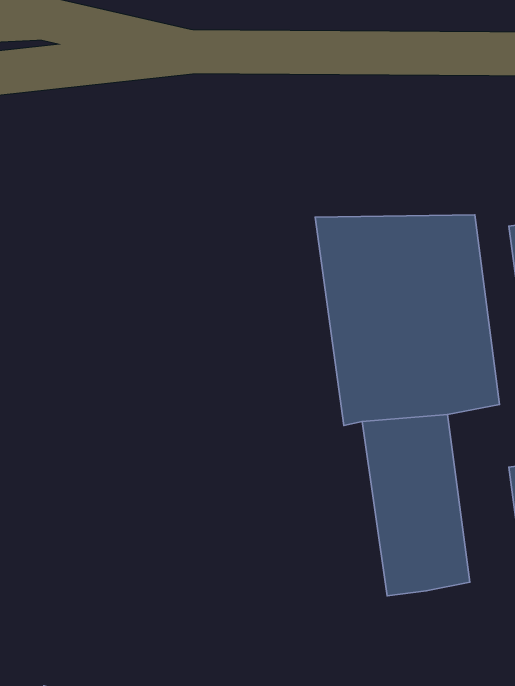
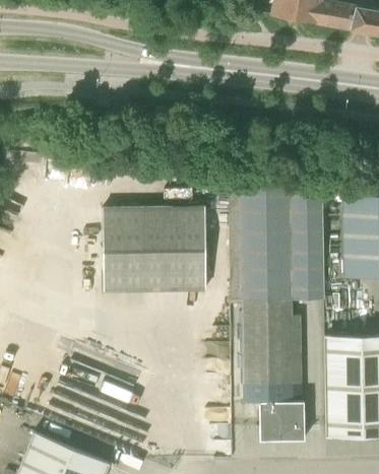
building: none -> [103,208,207,291]
building: none -> [267,402,303,438]

